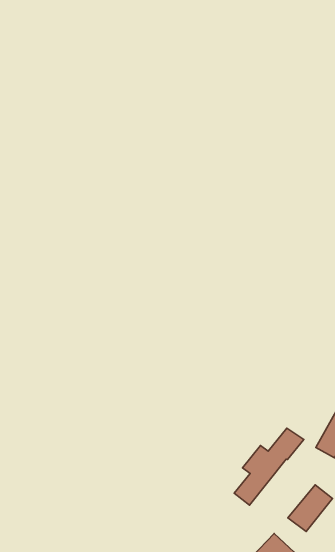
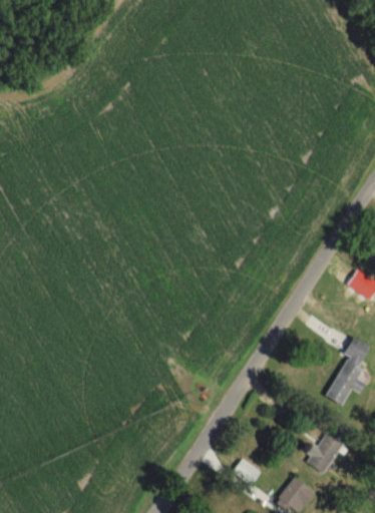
building: [234,428,304,505] -> none
building: none -> [233,458,261,485]

